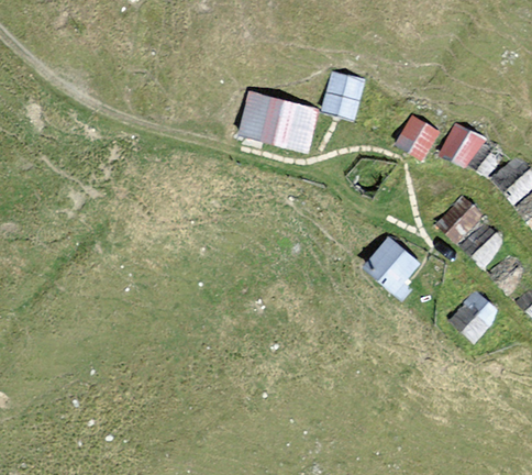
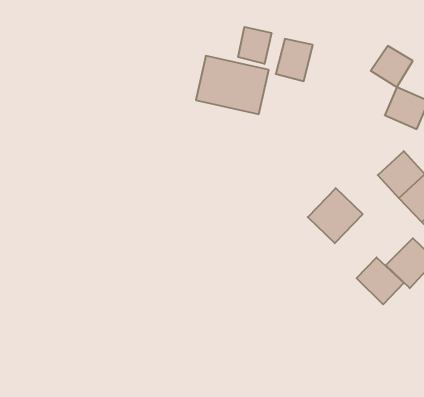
building: none -> [238,27,271,64]
building: [396,114,442,159] -> [371,46,413,87]
building: none -> [357,257,404,304]

